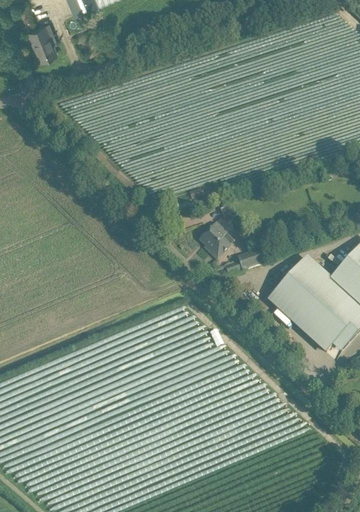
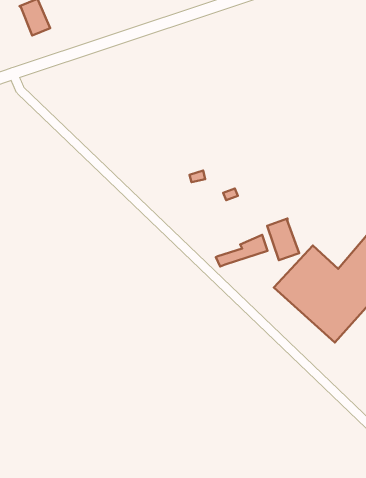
building: [199,221,234,258] -> none
building: none -> [267,219,299,260]

